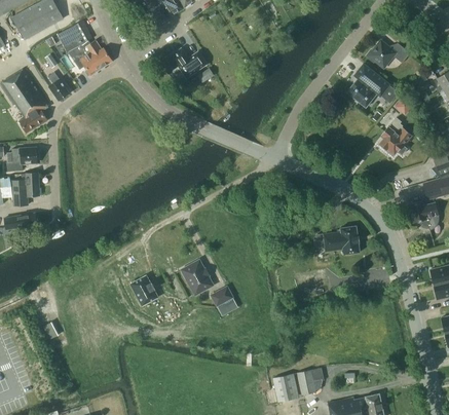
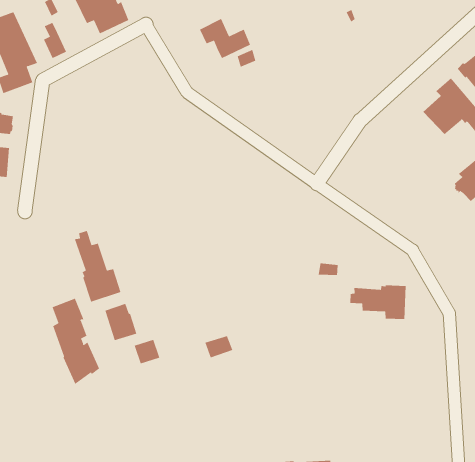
building: none -> [74,230,121,302]
building: [182,260,213,294] -> none
building: none -> [52,298,100,385]

